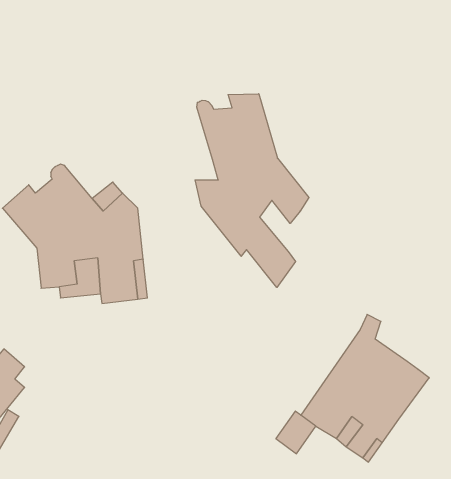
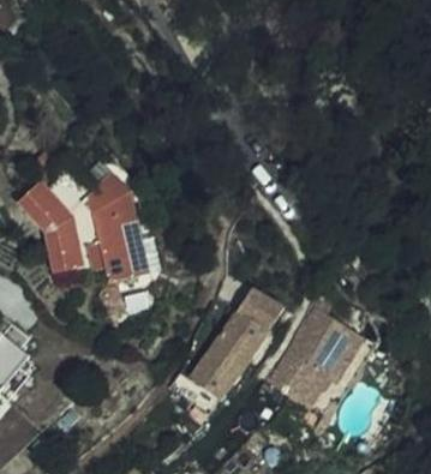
building: [195,94,309,287] -> none
building: none -> [190,289,283,398]

